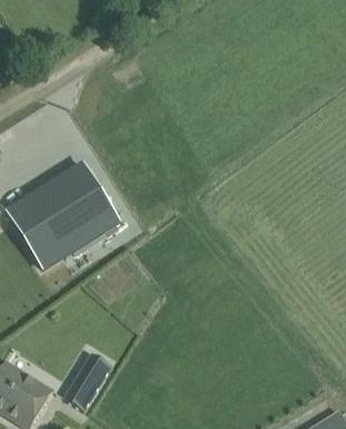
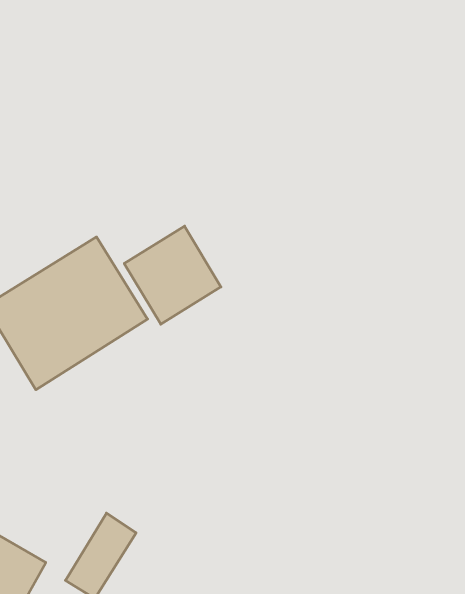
building: none -> [124,226,221,324]

